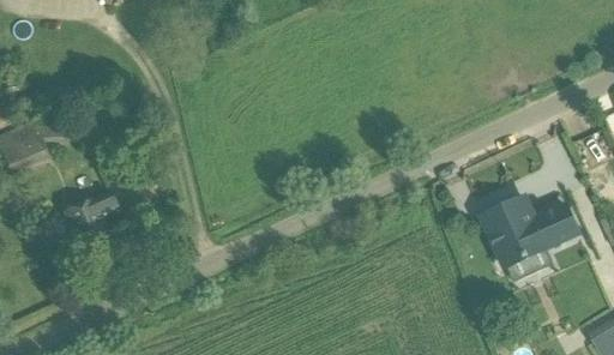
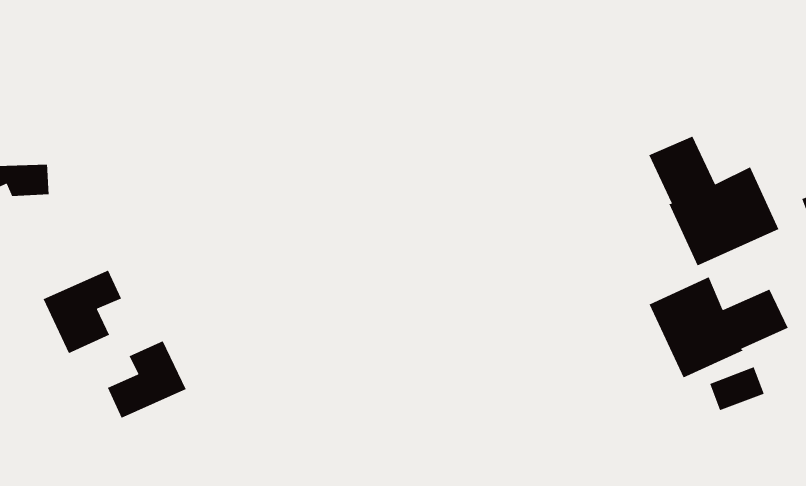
building: none -> [648,136,779,266]
building: none -> [107,340,187,419]

